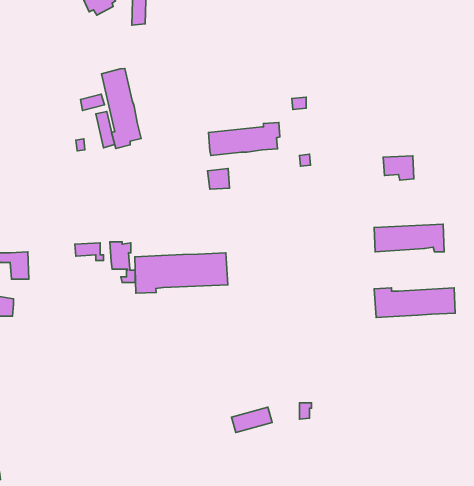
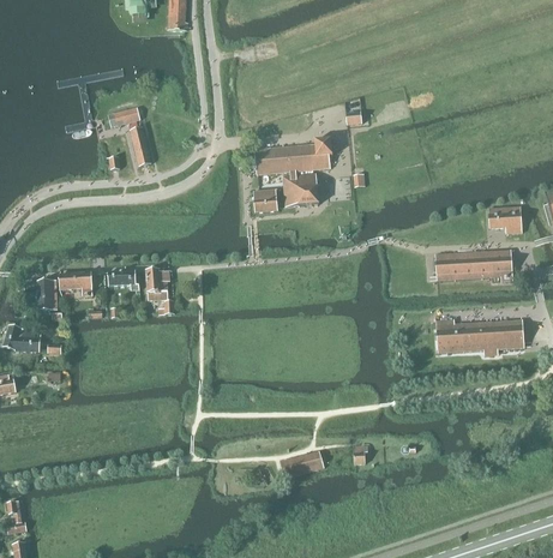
building: [101,68,141,149] -> none
building: none -> [282,170,317,205]
building: [383,156,414,180] -> [487,206,521,233]
building: none -> [58,272,91,295]
building: [135,253,228,293] -> none

